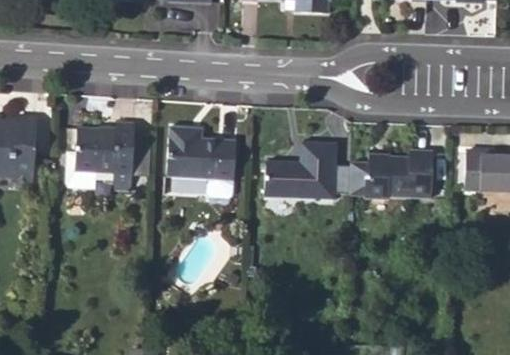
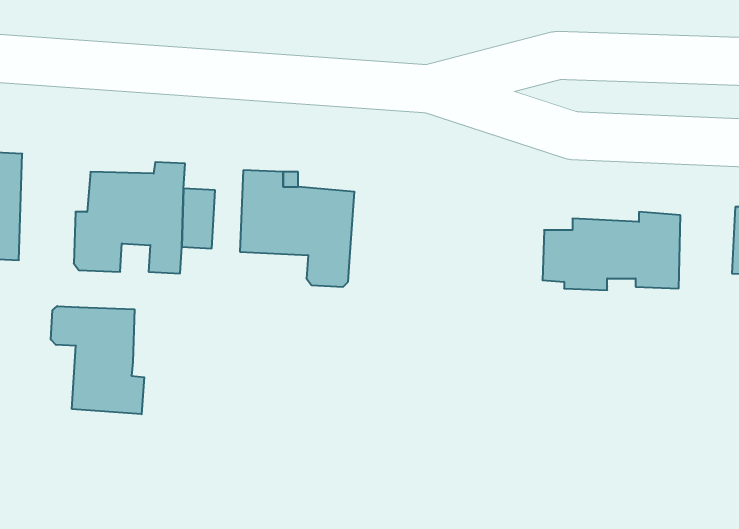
building: [264,141,335,197] -> none
building: none -> [51,306,144,414]

